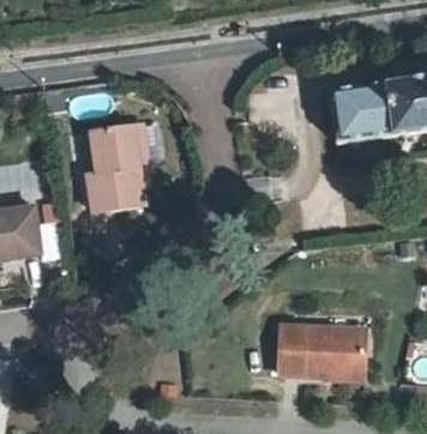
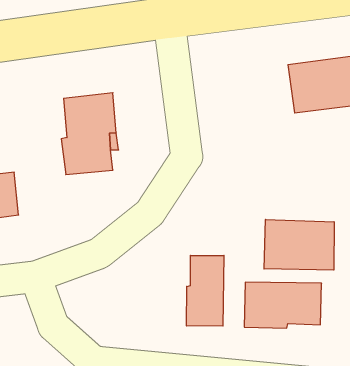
building: none -> [264,219,334,270]
building: none -> [187,255,224,326]

